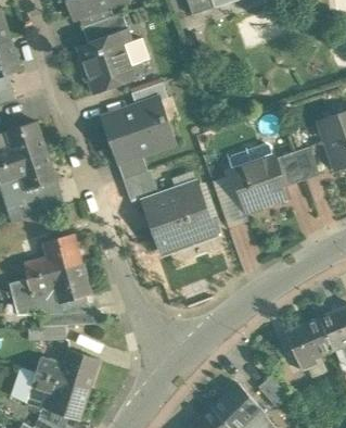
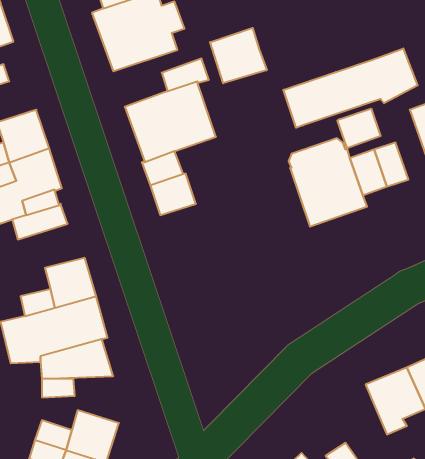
building: none -> [210,28,267,83]
building: none -> [283,48,418,128]
building: none -> [337,109,381,148]
building: [143,182,214,252] -> none

